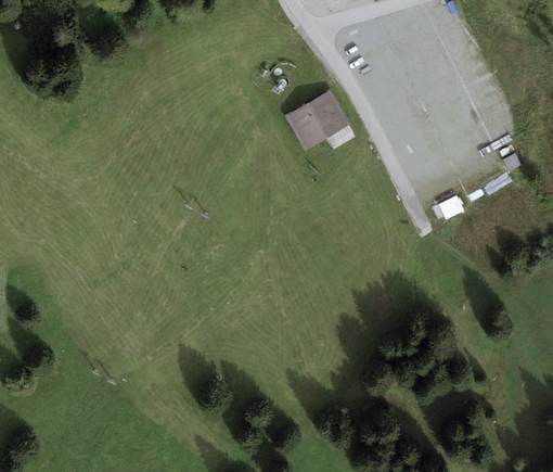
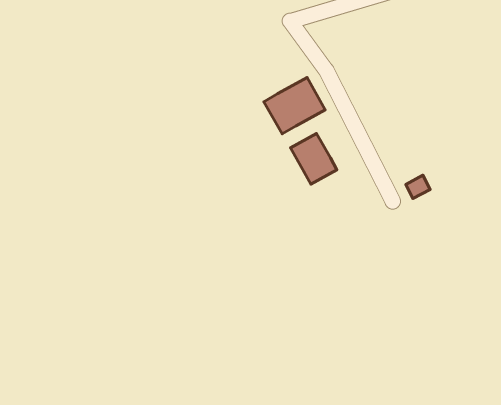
building: none -> [291,133,337,184]

